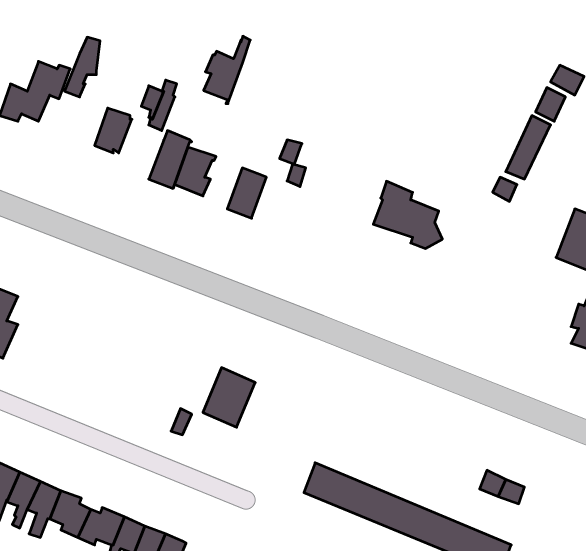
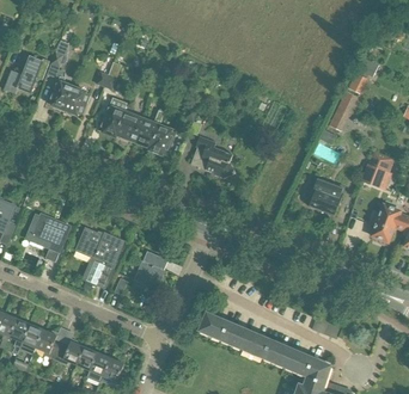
building: [204,36,250,104] -> [134,106,164,149]
building: none -> [47,69,73,109]
building: [373,181,442,248] -> [190,135,234,178]
building: none -> [309,177,342,216]
building: none -> [31,214,69,261]
building: none -> [75,227,123,288]

